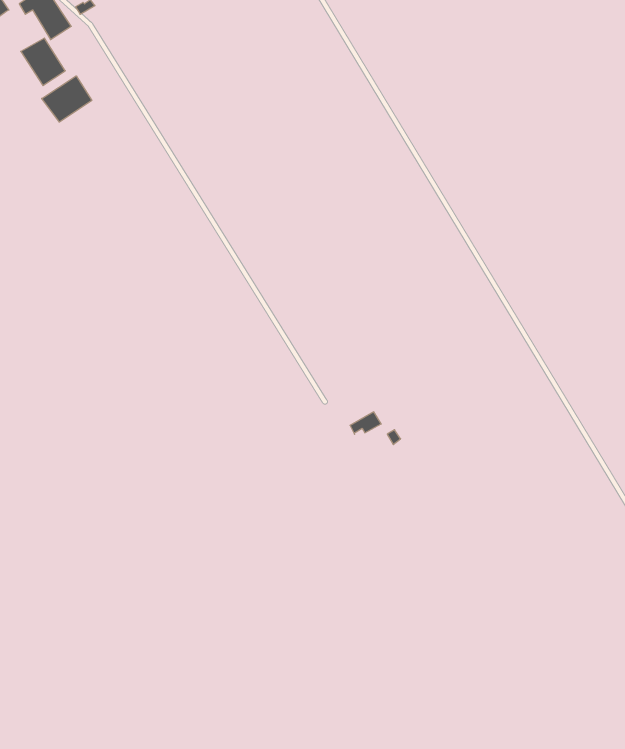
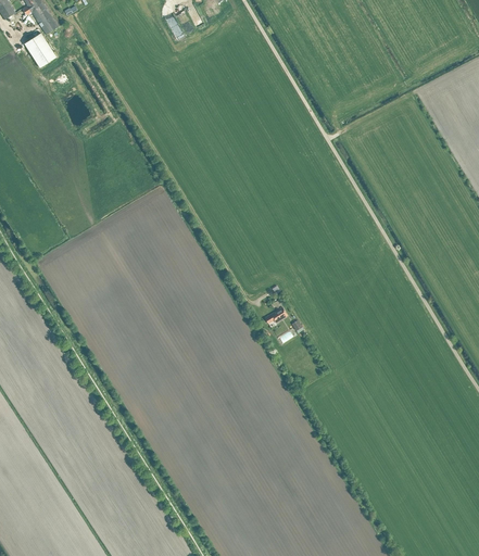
building: [42,76,92,122] -> none

